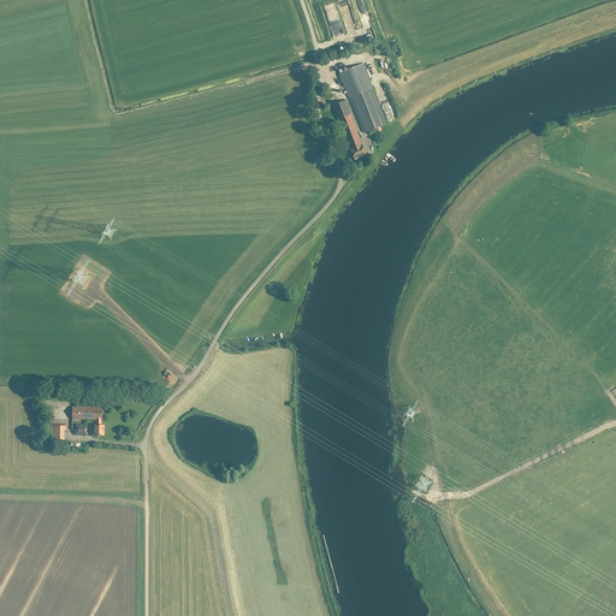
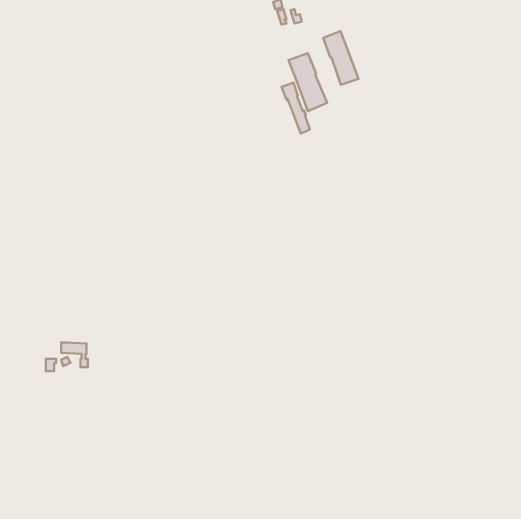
building: none -> [323,31,359,85]

